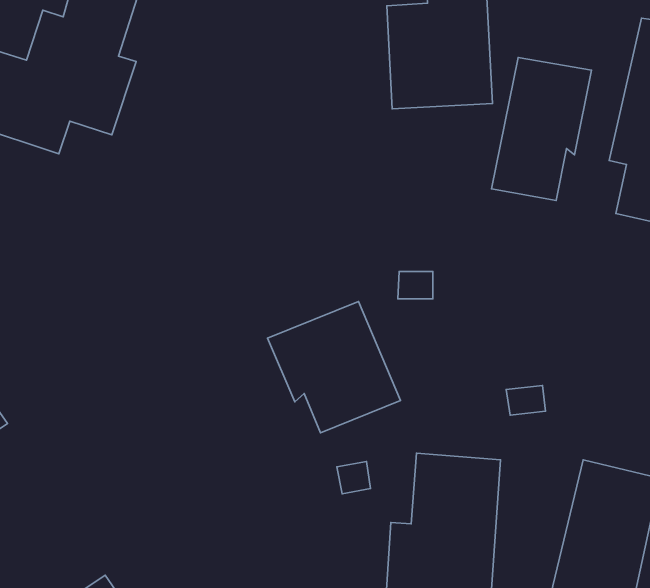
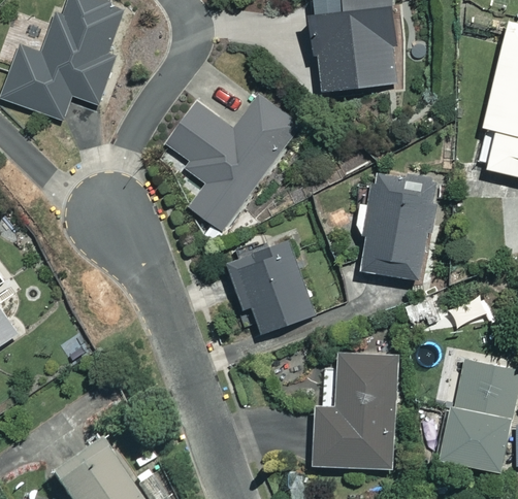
building: [491,58,592,200] -> none
building: none -> [162,96,298,233]
building: none -> [359,172,439,280]

